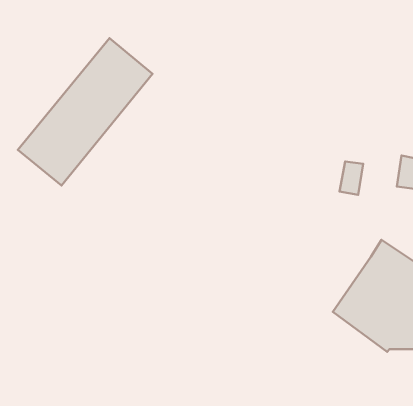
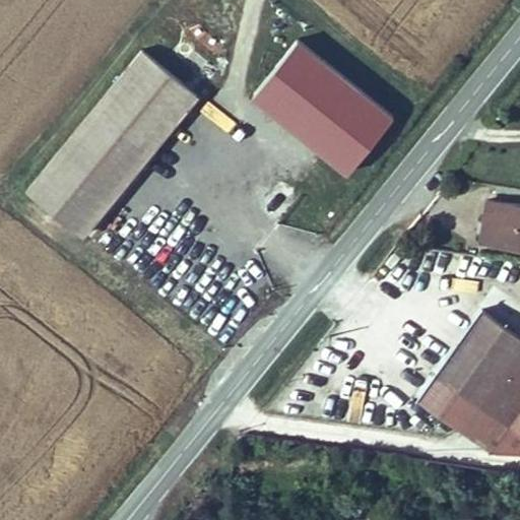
building: none -> [256,44,397,177]
building: [339,161,363,195] -> [475,202,505,244]

